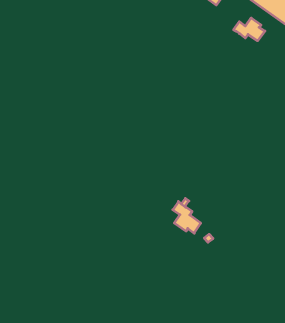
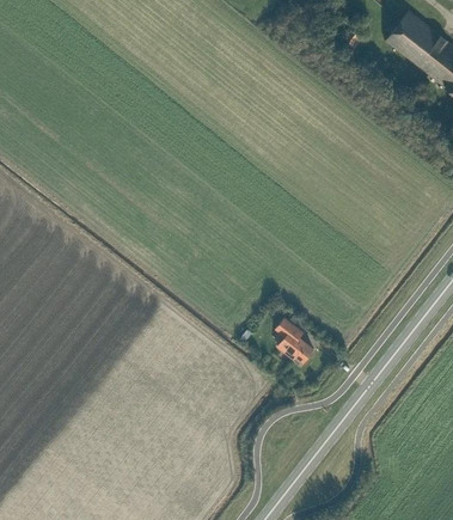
building: [234,18,265,41] -> none

